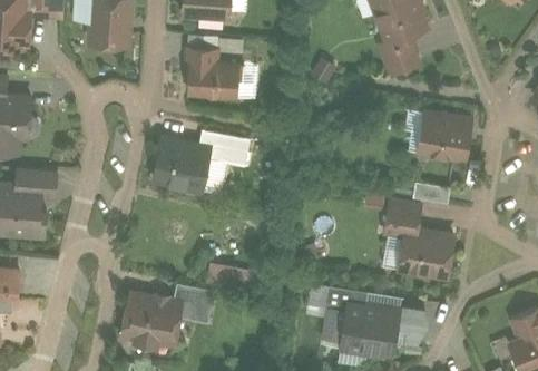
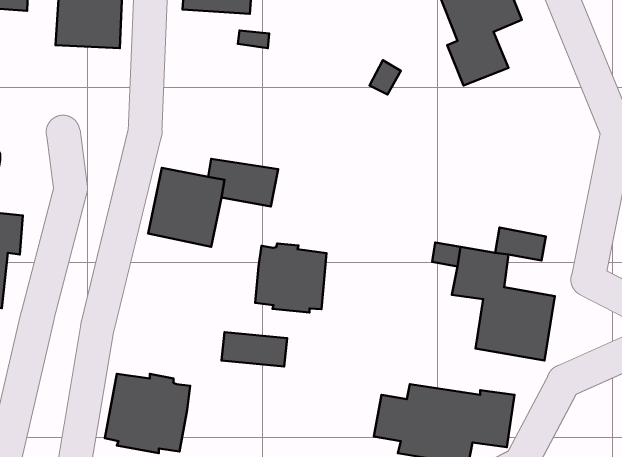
building: [180,45,237,99] -> none
building: [417,108,472,163] -> none
building: none -> [255,244,326,312]
building: [173,284,216,323] -> none

